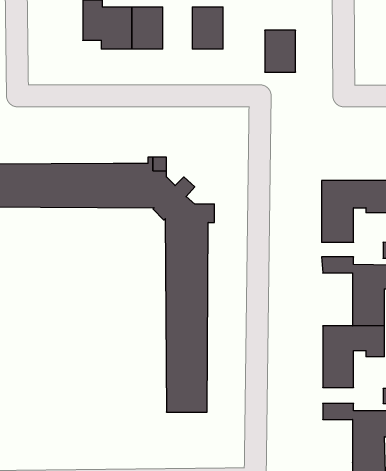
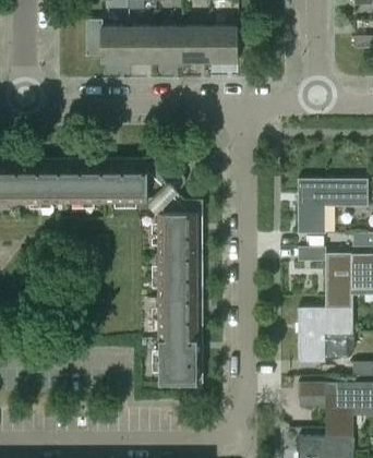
building: none -> [157,26,183,63]
building: [265,30,296,72] -> [210,26,238,63]

